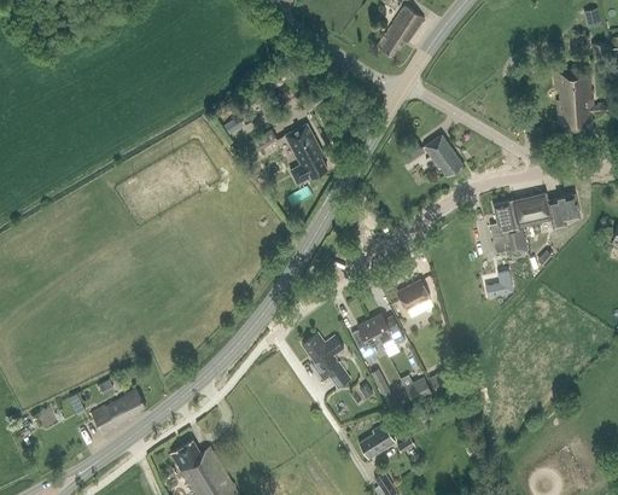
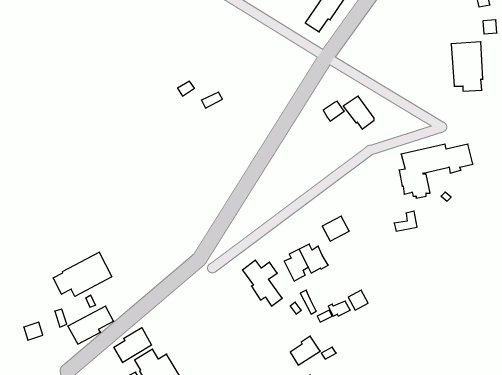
building: [285,122,326,184] -> none
building: none -> [53,252,112,296]
building: none -> [114,328,152,363]

